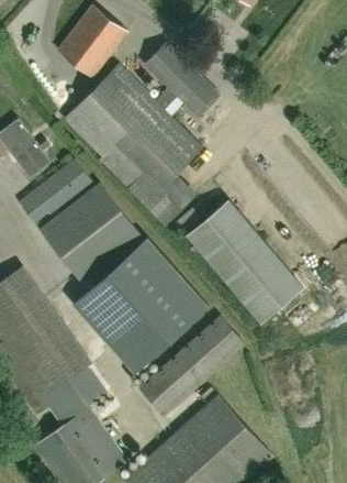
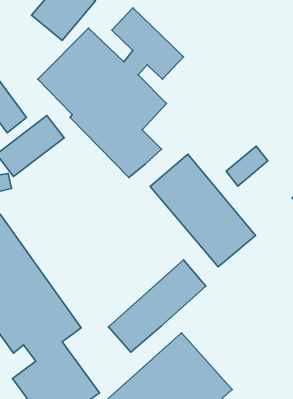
building: [40,182,143,283] -> none
building: none -> [226,146,268,186]
building: [75,239,208,372] -> none

